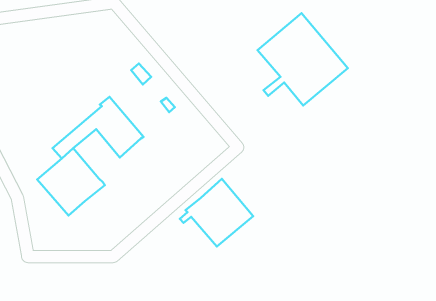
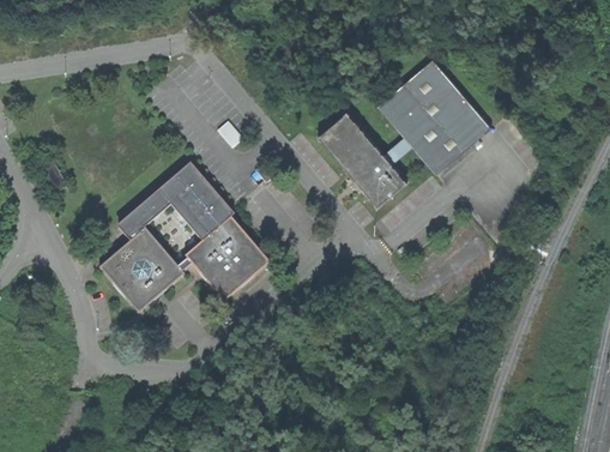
building: none -> [315,109,406,206]
building: [180,179,253,246] -> [176,215,268,300]

